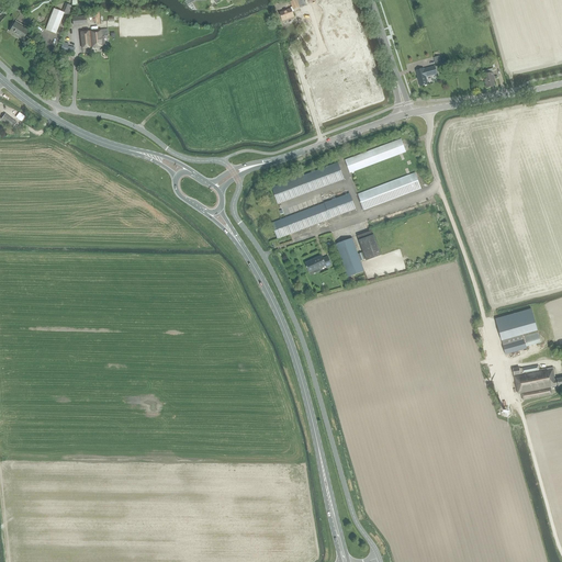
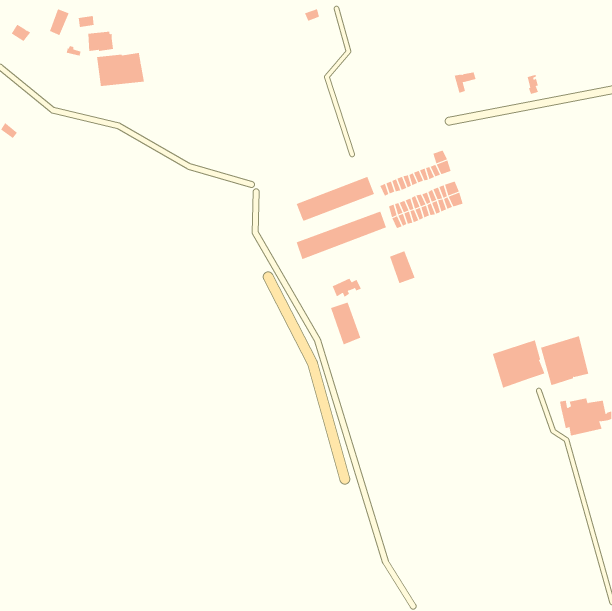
building: none -> [96,52,144,87]
building: [335,237,363,277] -> [330,302,361,345]
building: none -> [492,340,545,388]

